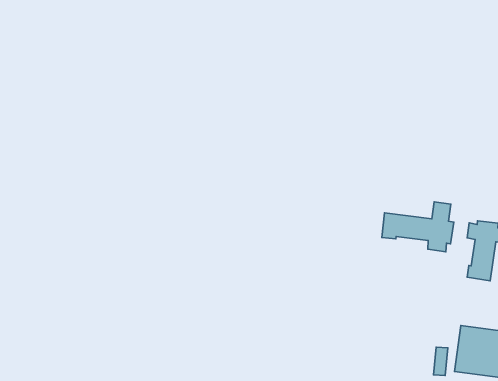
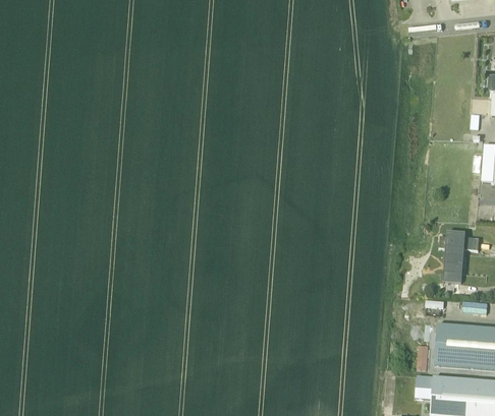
building: [382,202,454,252] -> none

